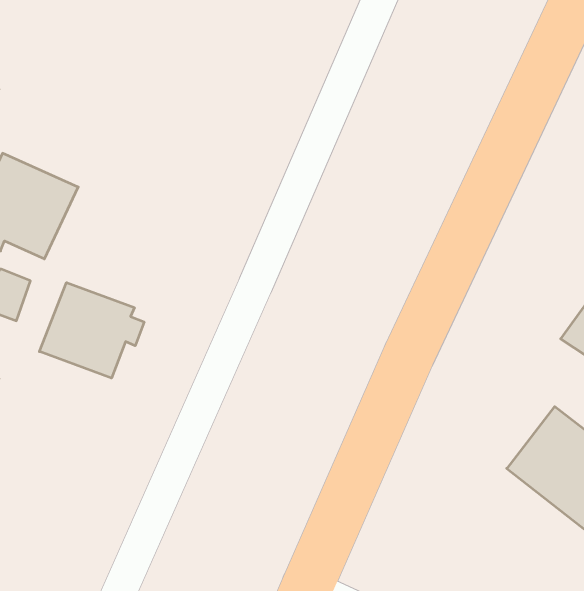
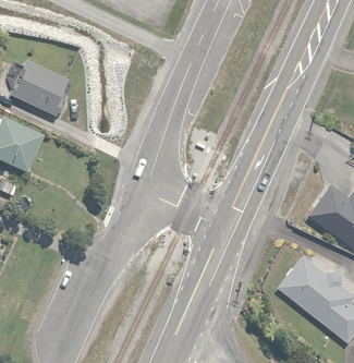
building: none -> [9,60,71,116]
building: [39,283,144,378] -> none

